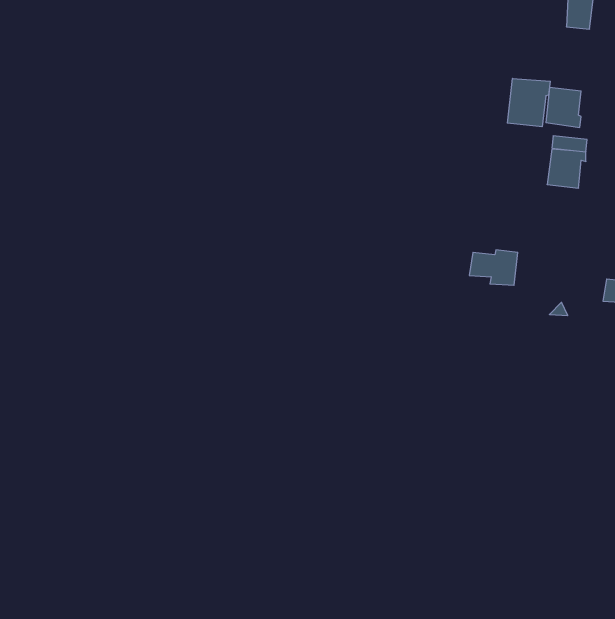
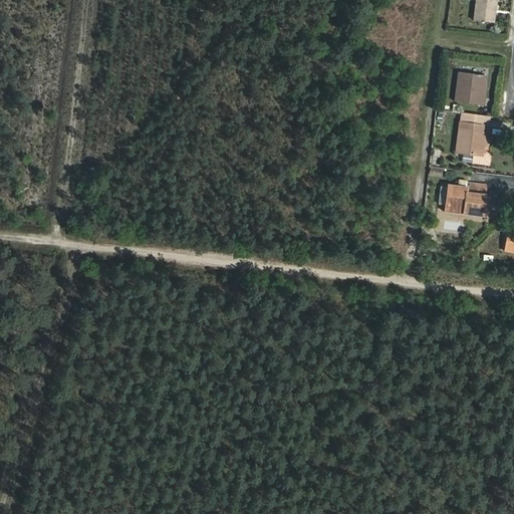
building: [507,78,550,127] -> none
building: [469,250,518,285] -> [446,184,486,213]

